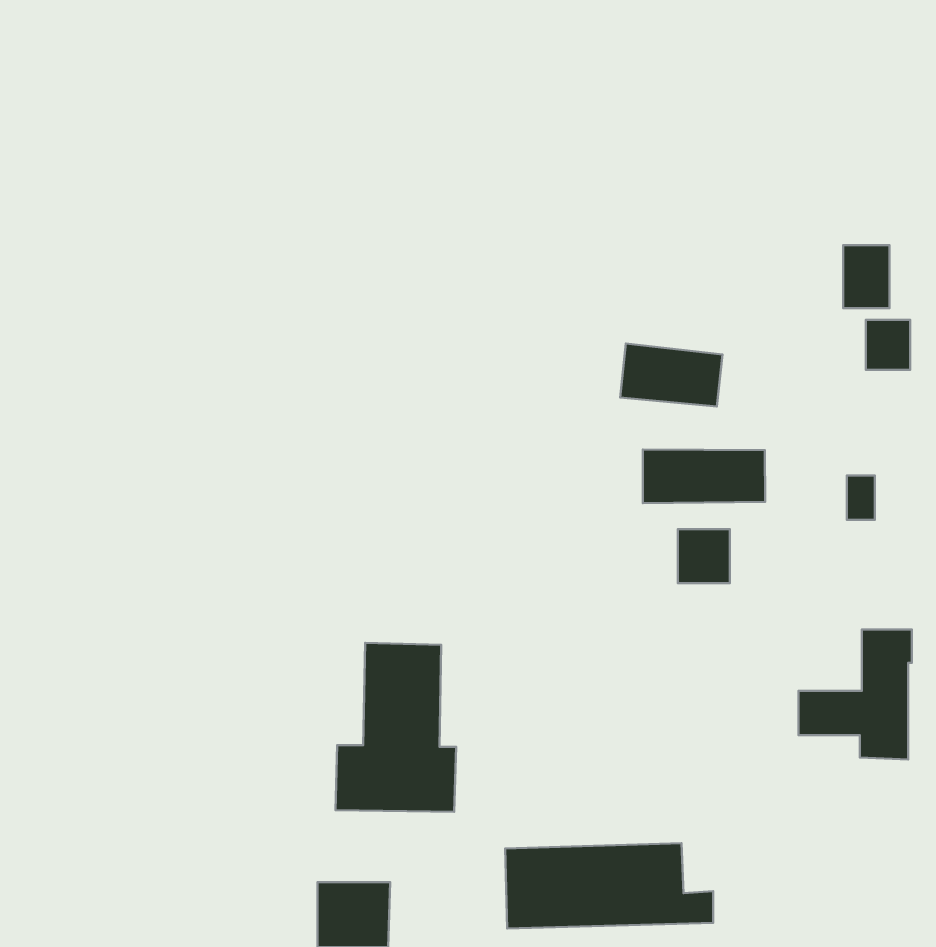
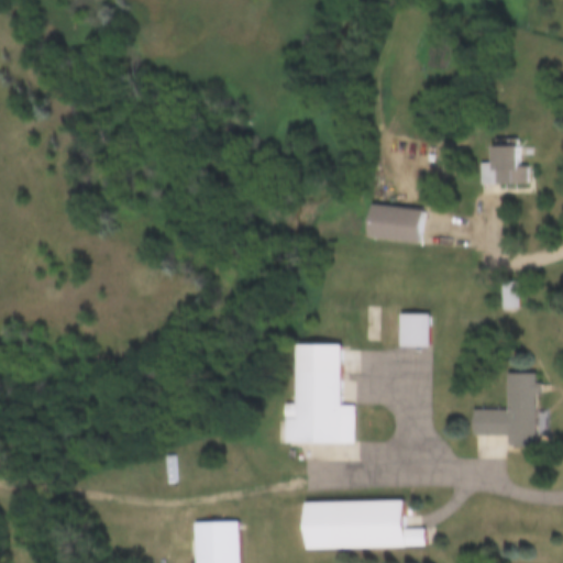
building: [866,320,910,370] -> none
building: [643,449,765,503] -> none
building: [335,643,456,812] -> [279,343,351,443]

